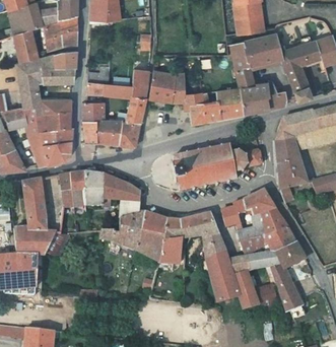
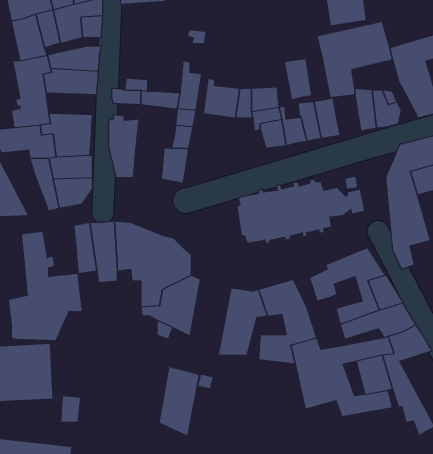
building: [239,83,258,112] -> [284,59,312,100]
building: [99,112,128,142] -> none
building: [139,212,167,261] -> [159,366,200,436]

